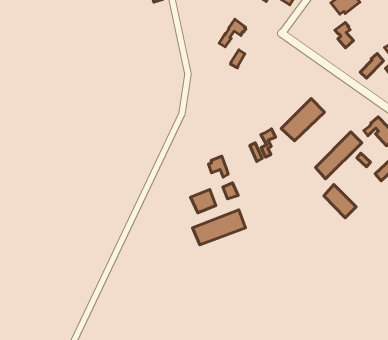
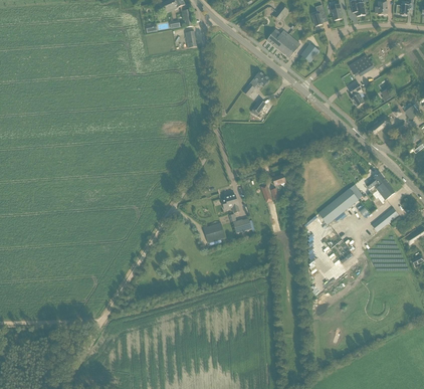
building: [281,99,325,141] -> none
building: [193,210,246,245] -> none

